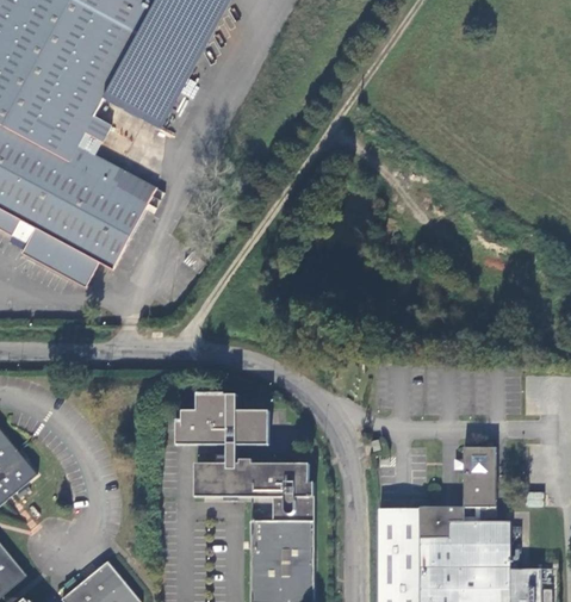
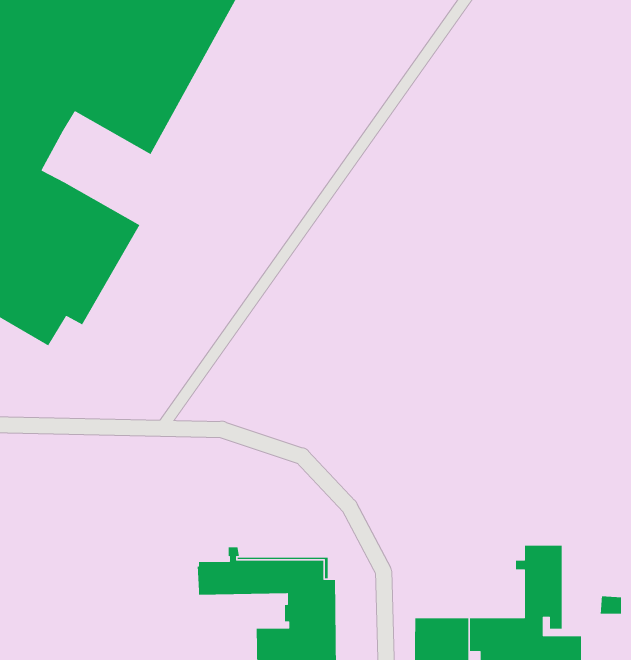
building: [76,118,111,159] -> none
building: [174,390,267,452] -> none
building: [193,460,273,495] -> none

